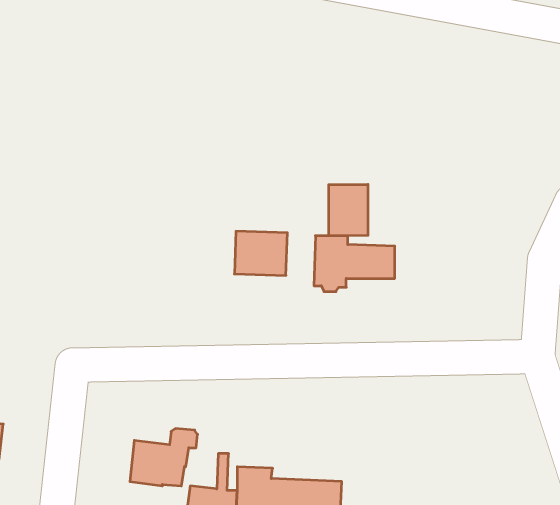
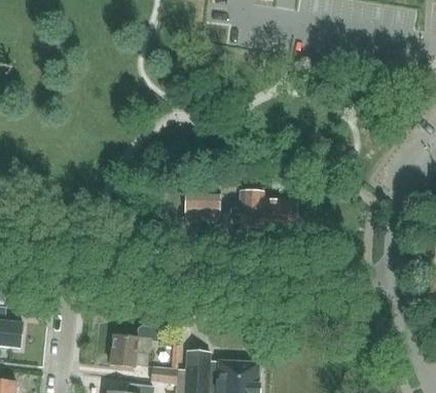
building: [329,184,368,236] -> none

